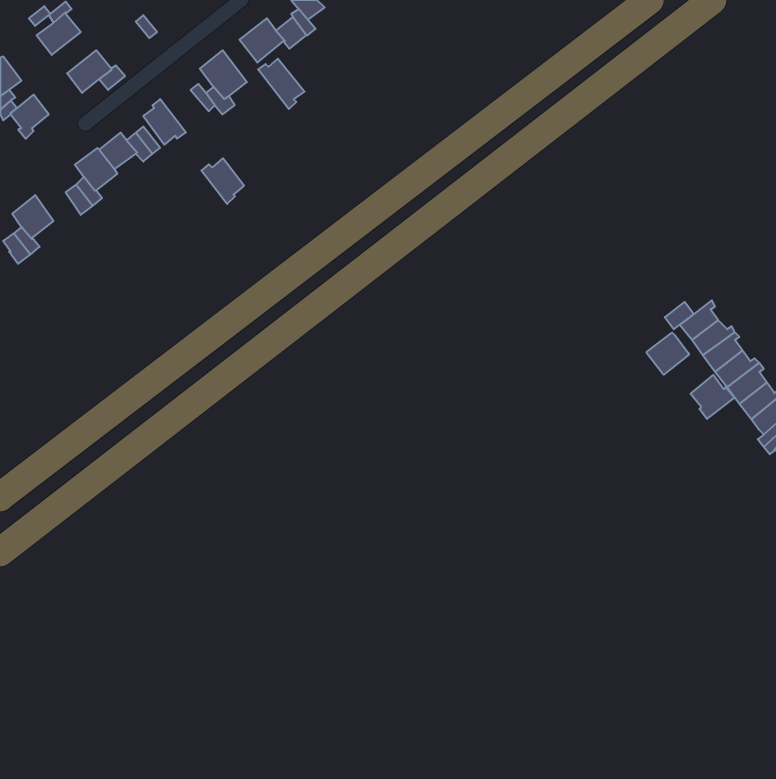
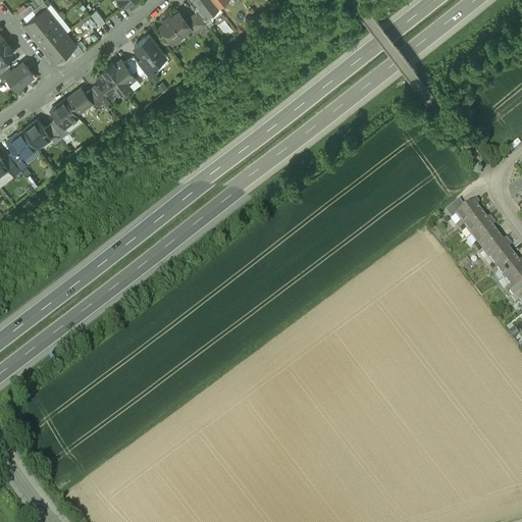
building: none -> [37,21,66,49]
building: [258,59,305,109] -> none
building: [201,158,244,204] -> [109,58,138,89]
building: none -> [25,120,52,148]
building: [647,333,689,375] -> none
building: [691,375,735,419] -> none

